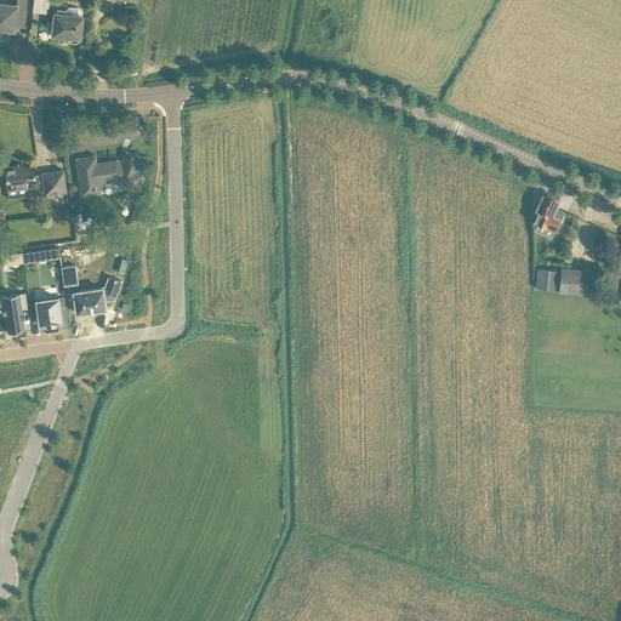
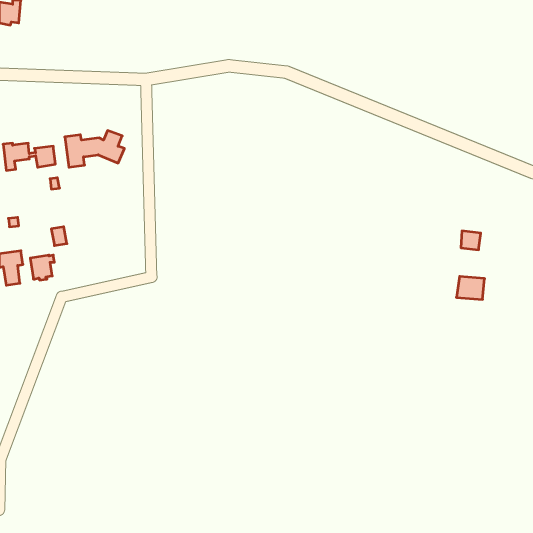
building: [45,7,81,44] -> none
building: [532,192,563,232] -> none
building: [557,268,589,295] -> [456,276,485,299]
building: [73,277,120,313] -> none

